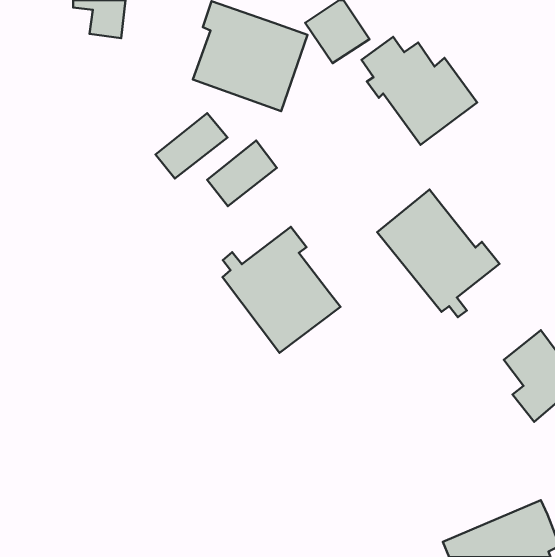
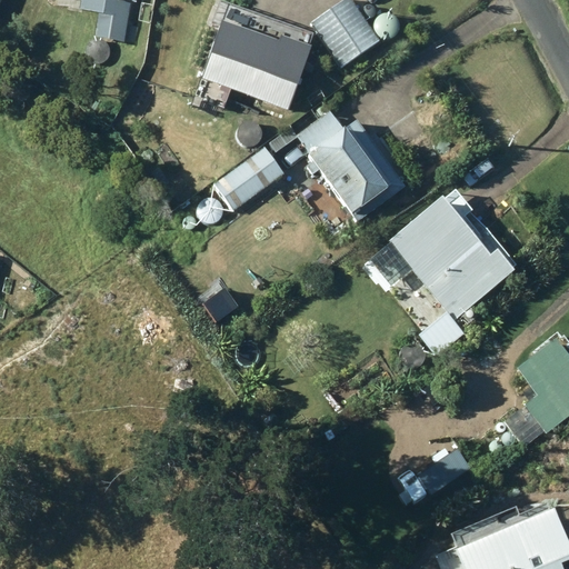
building: [362,37,477,145] -> [297,110,415,220]
building: [156,113,227,179] -> none
building: [222,227,341,353] -> none

